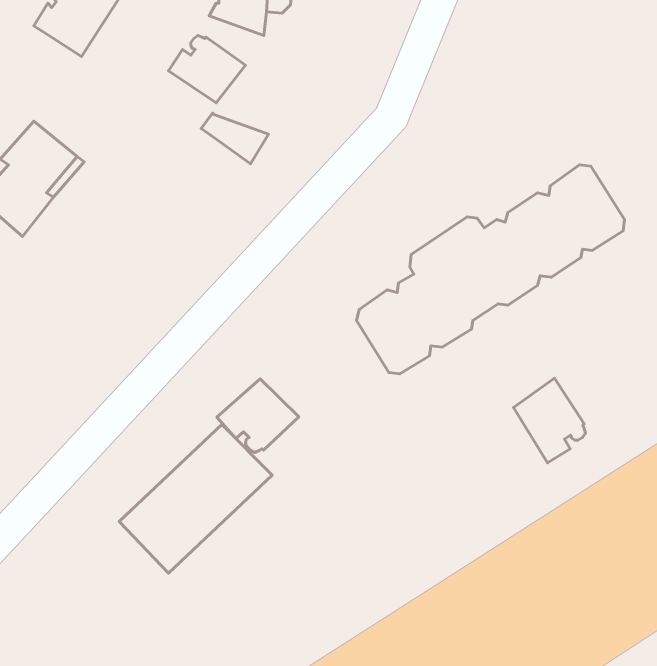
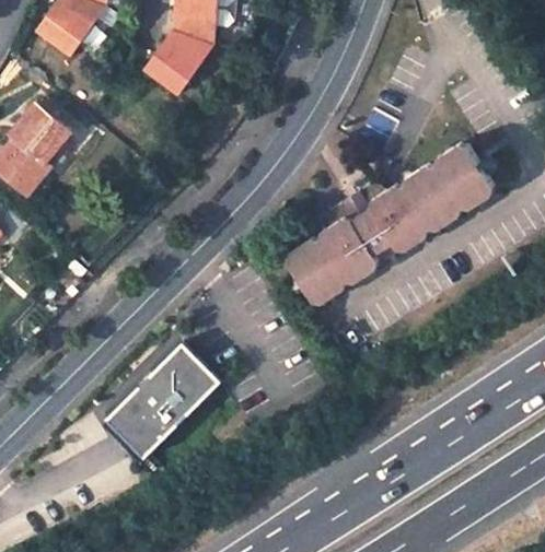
building: [201,113,269,164] -> [162,24,214,63]
building: [514,378,586,463] -> none
building: [217,379,299,452] -> none

